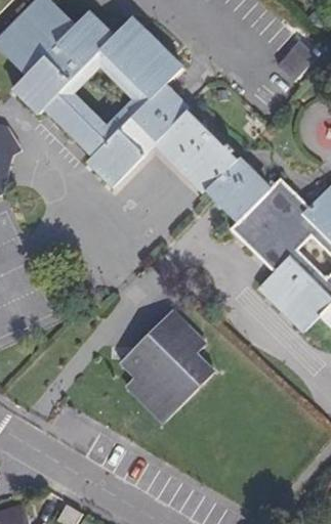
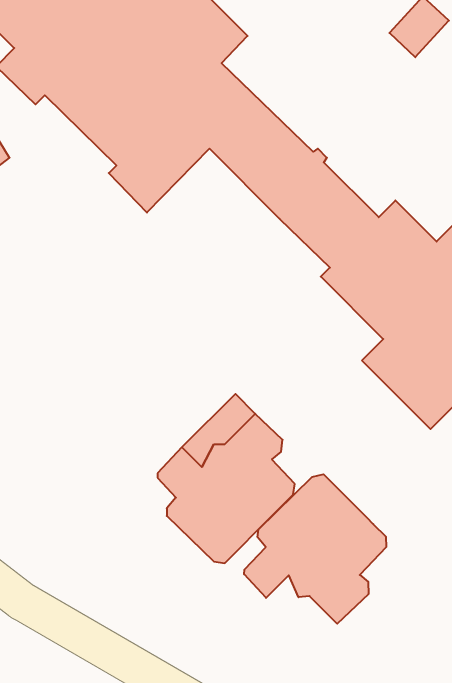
building: none -> [244,474,386,624]

